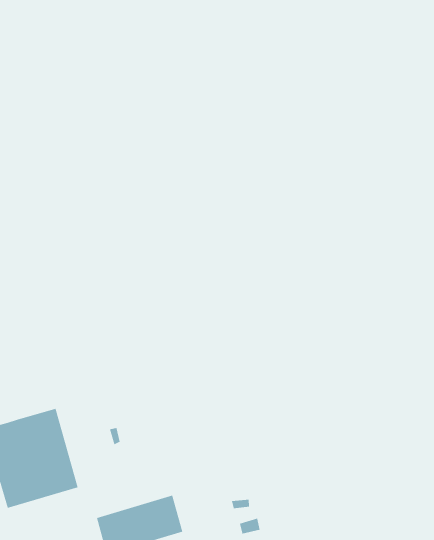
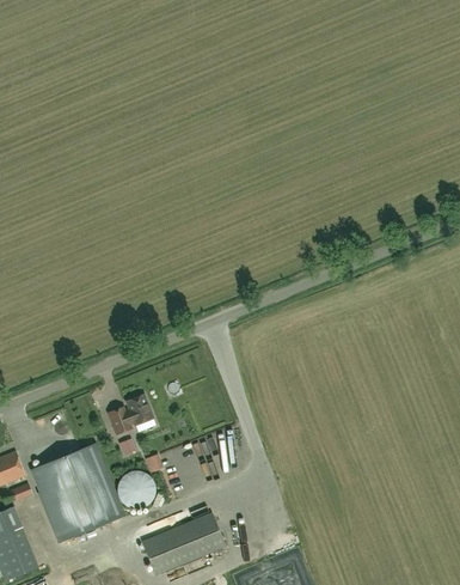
building: none -> [106,394,153,434]
building: none -> [116,470,155,508]

